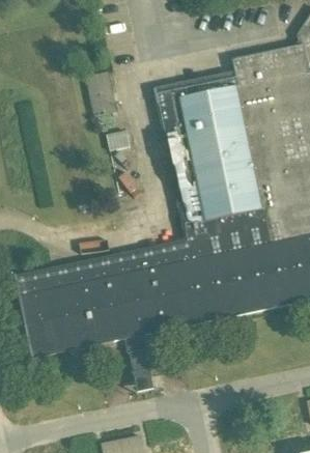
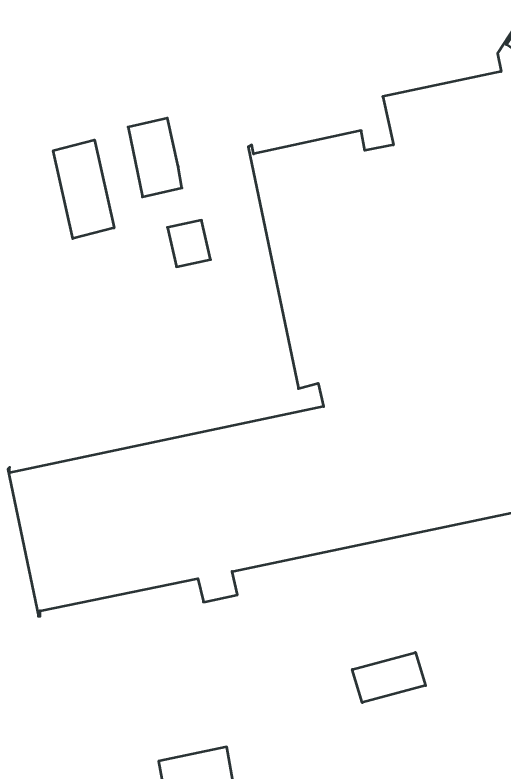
building: none -> [53,140,114,239]
building: none -> [352,652,426,703]

